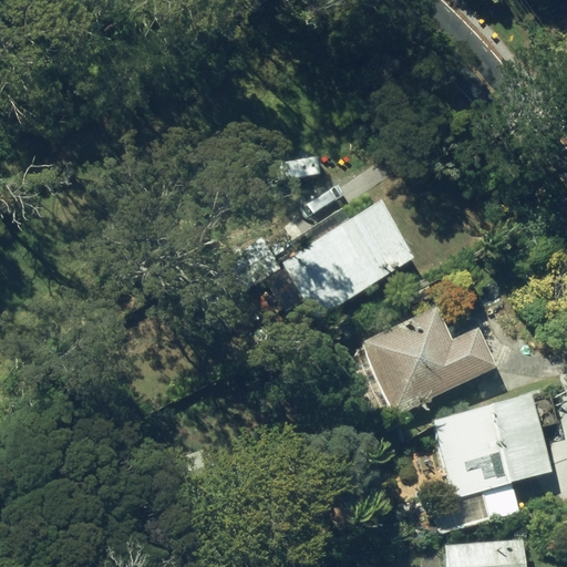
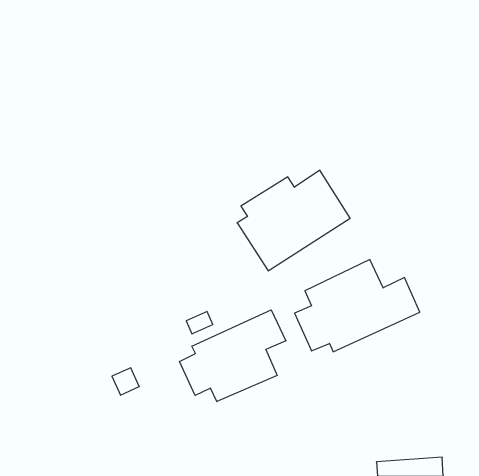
building: none -> [180,310,286,402]
building: [433,394,551,518] -> none

